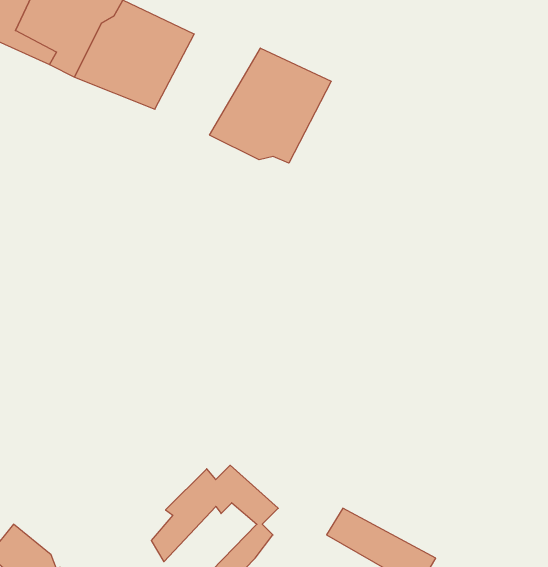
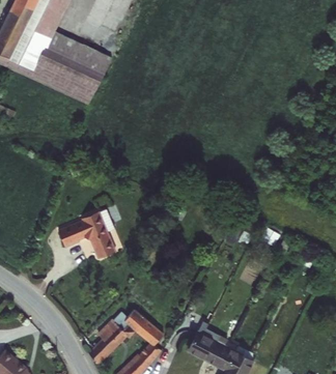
building: [210,48,331,163] -> none
building: none -> [57,207,114,255]

